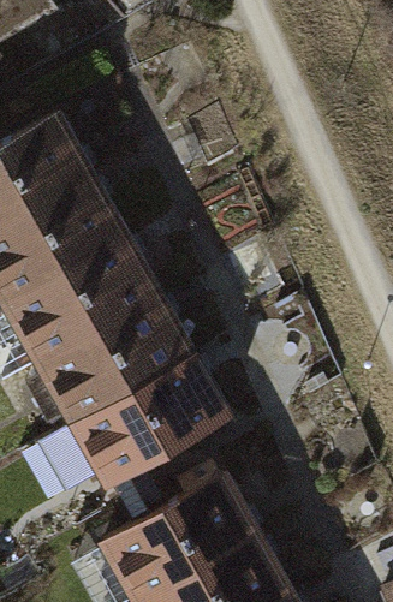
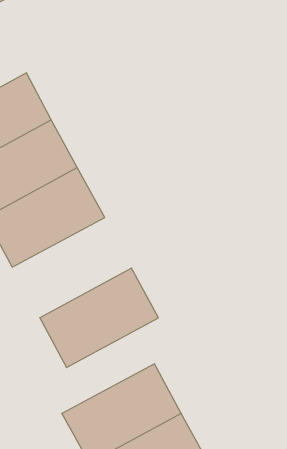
building: [40,297,190,423] -> none

